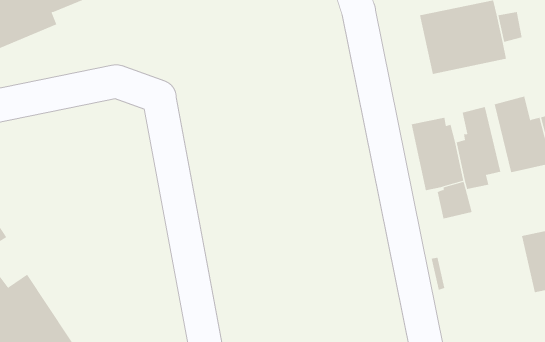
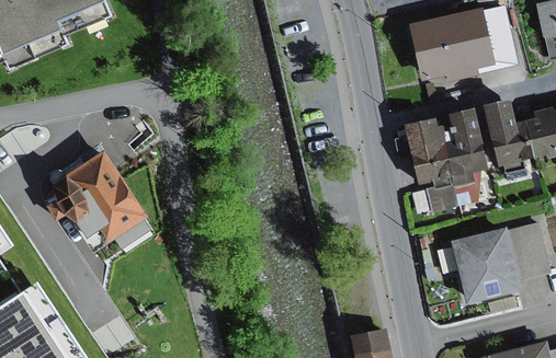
building: none -> [52,143,154,246]
building: none -> [447,230,519,307]

